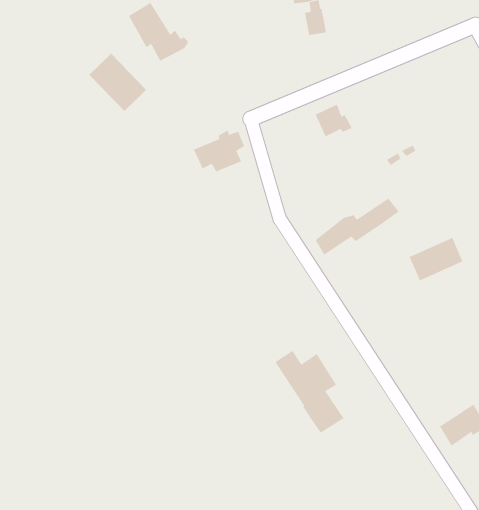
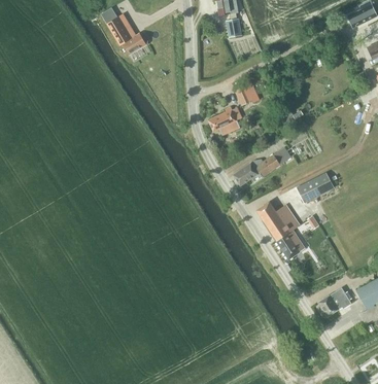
building: [89,53,147,112] -> none
building: [193,130,245,172] -> [207,105,242,134]
building: [275,350,344,433] -> [257,201,305,257]

